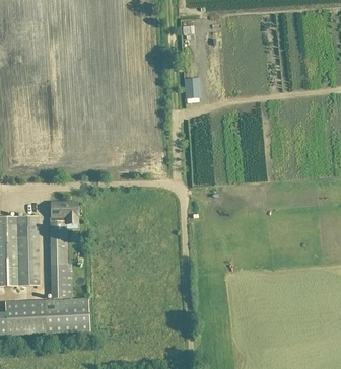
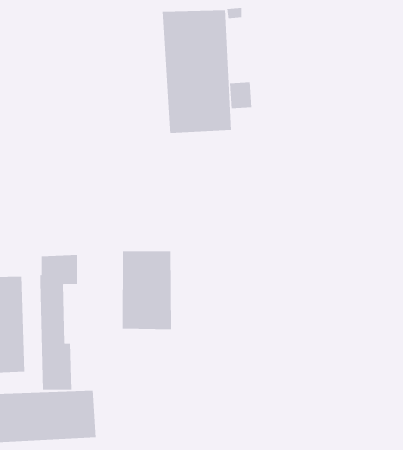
building: none -> [162,10,232,134]
building: none -> [122,250,172,330]

